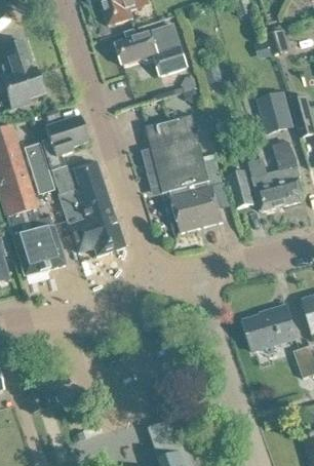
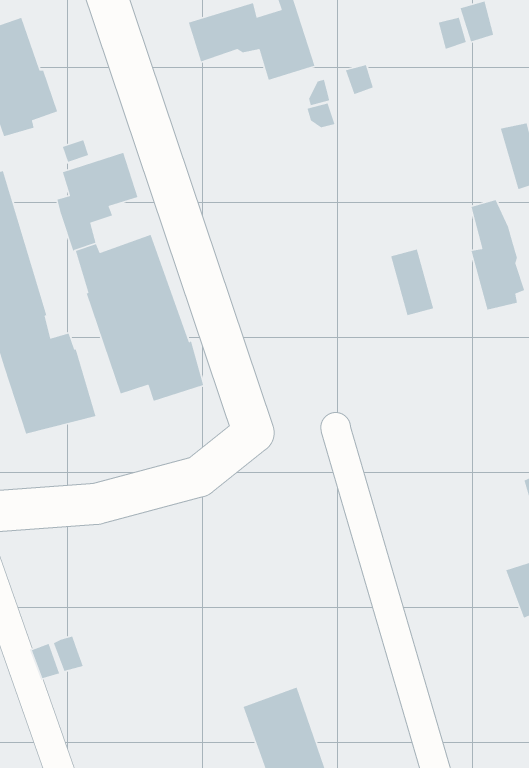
building: [257,91,293,134] -> none
building: [146,113,223,232] -> none
building: [23,143,50,187] -> none
building: [249,158,283,210] -> none
building: [244,305,296,350] -> none

